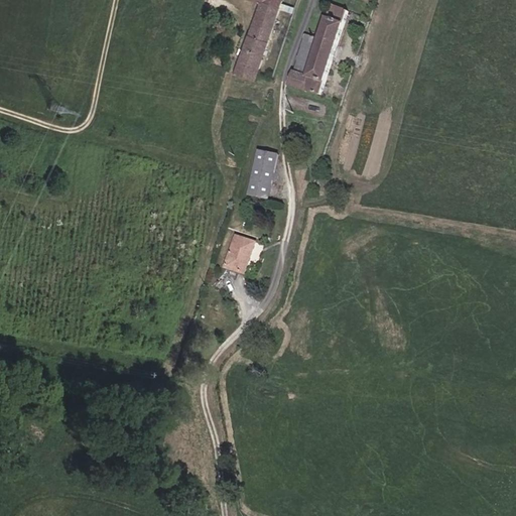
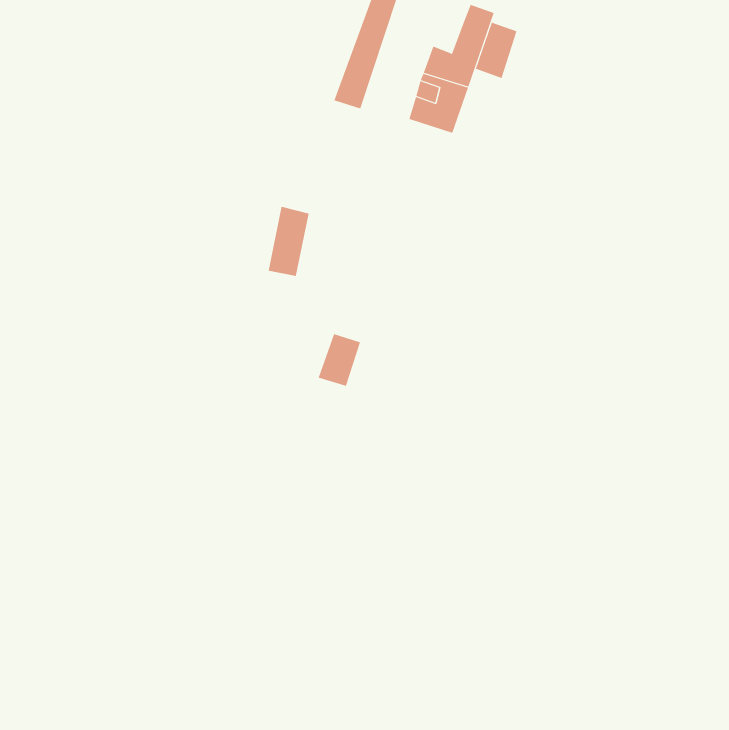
building: none -> [475,22,517,79]
building: [246,147,275,197] -> [268,206,310,277]

